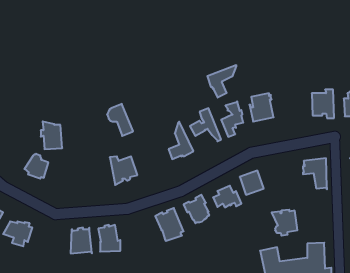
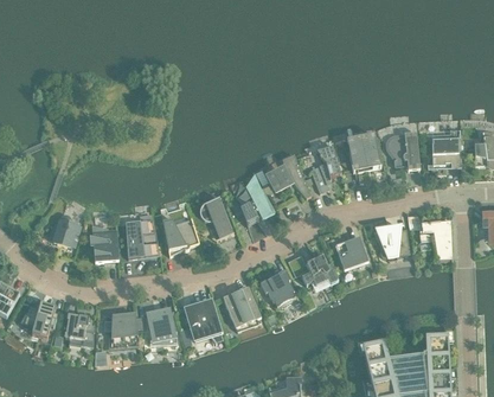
building: [207,65,236,98] -> none
building: none -> [386,132,418,169]
building: [107,104,133,136] -> [198,197,232,239]
building: [41,121,62,149] -> [89,225,117,262]
building: none -> [124,219,159,258]
building: [272,210,297,236] -> [374,226,409,261]
building: none -> [184,299,222,342]
building: none -> [64,314,92,346]

